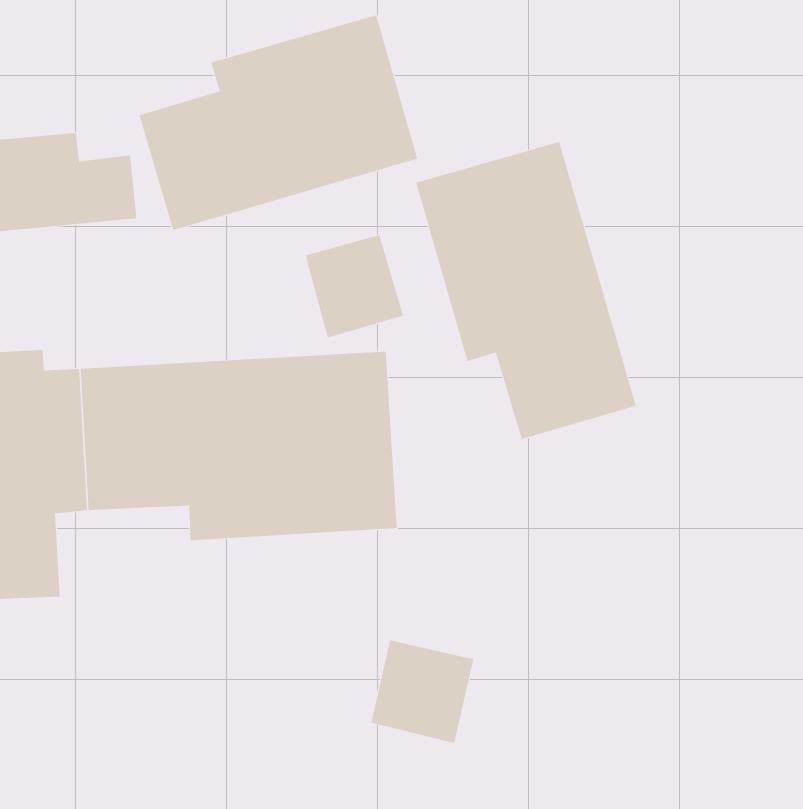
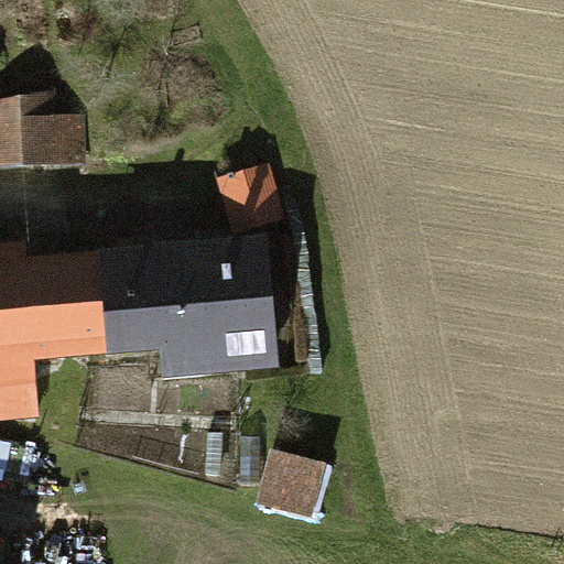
building: [139,15,418,231] -> none
building: [415,141,637,440] -> none

